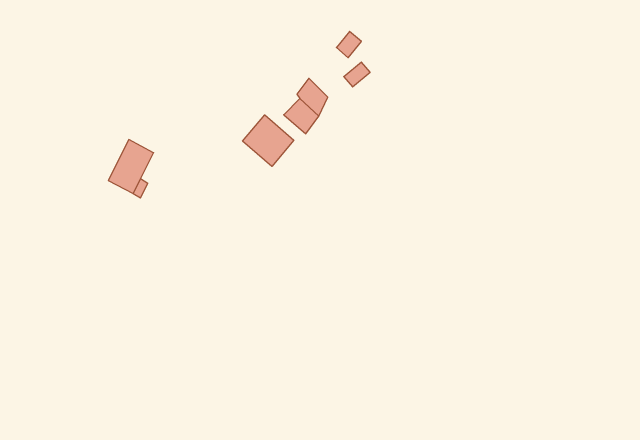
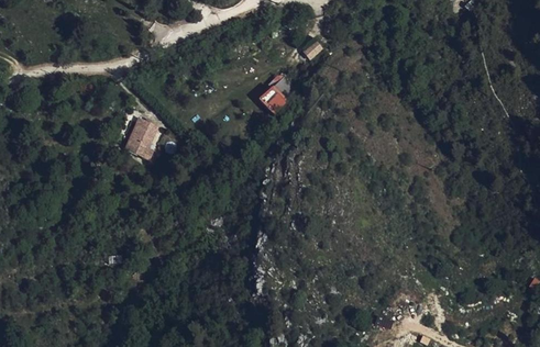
building: [243,115,294,166] -> none

